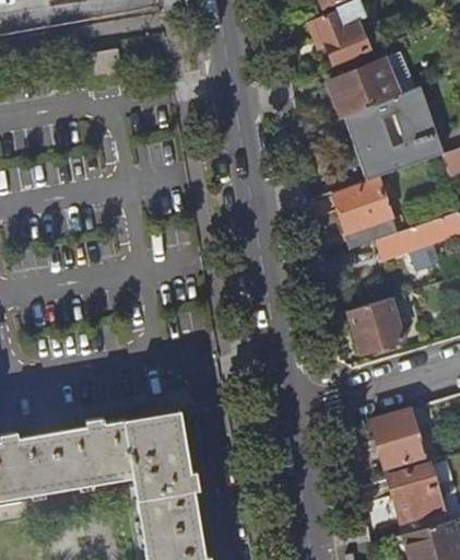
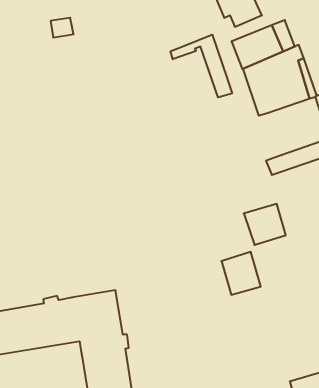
building: none -> [170,35,232,97]
building: [333,177,399,249] -> none
building: [371,409,424,466] -> [221,252,261,295]
building: [388,465,444,518] -> none

